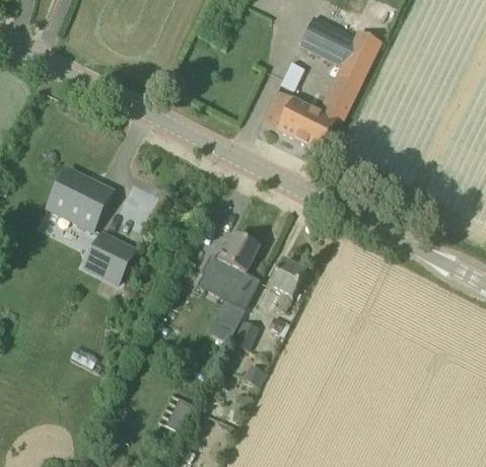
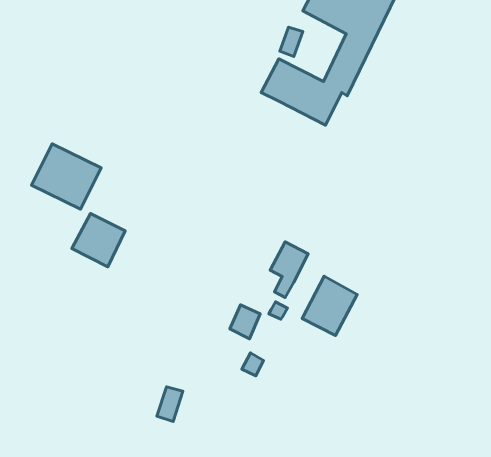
building: [209,234,258,288] -> none
building: [207,290,248,340] -> none
building: none -> [302,276,357,335]

